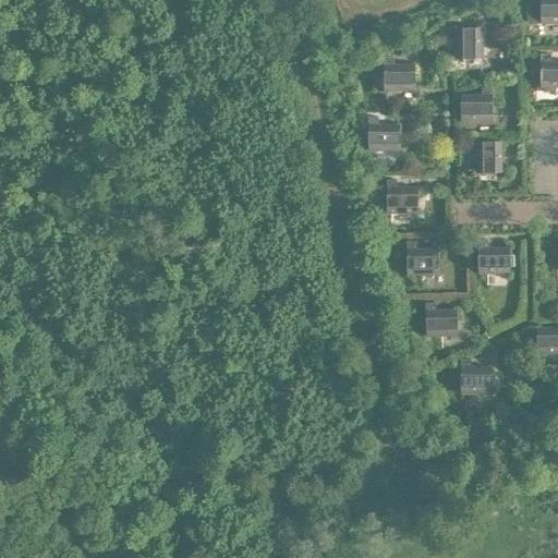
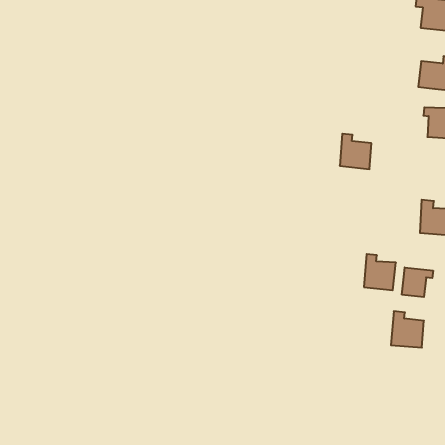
building: [383,56,415,90] -> none
building: [368,116,400,150] -> none
building: [407,241,438,275] -> none
building: none -> [402,267,433,297]

